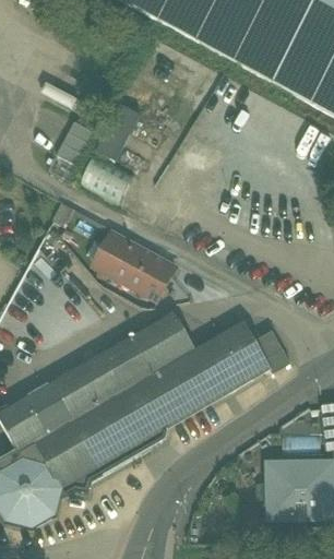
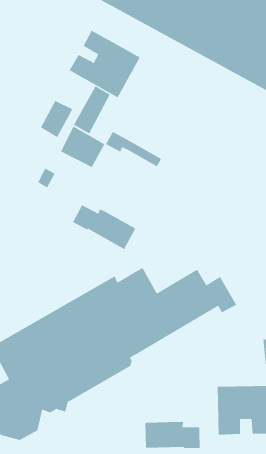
building: none -> [69,30,140,98]
building: [106,228,174,271] -> [105,131,162,167]
building: none -> [145,410,200,449]

